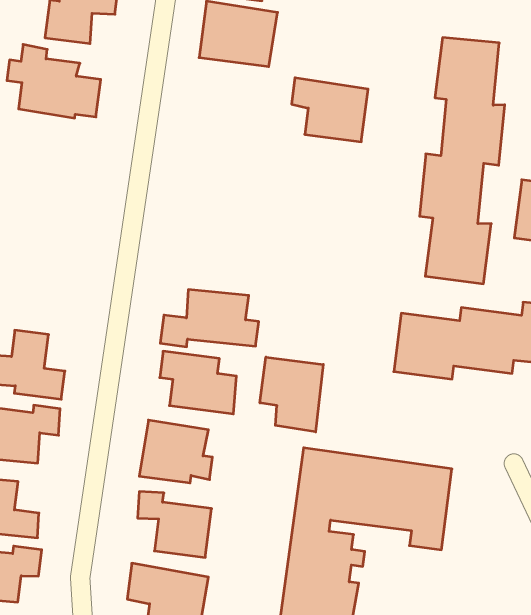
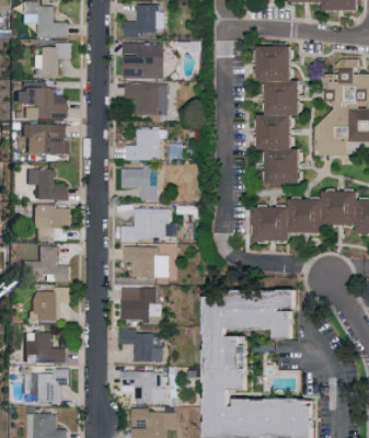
building: [292,78,368,142] -> [125,82,168,114]
building: none -> [20,124,71,154]
building: none -> [125,128,163,160]
building: none -> [25,169,69,200]
building: none -> [120,166,155,200]
building: none -> [33,206,69,241]
building: [260,357,323,432] -> none

